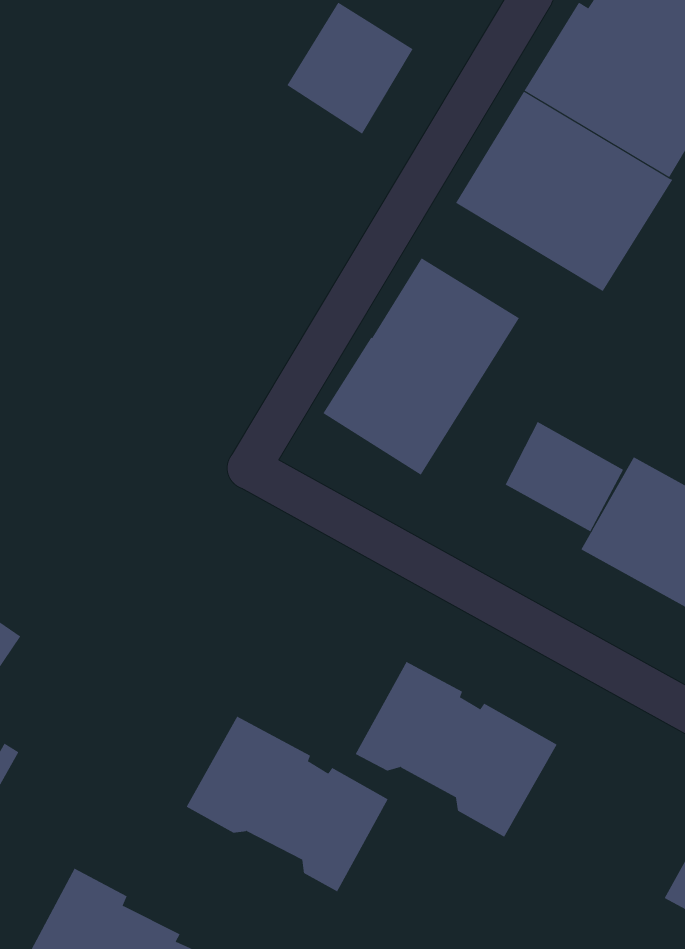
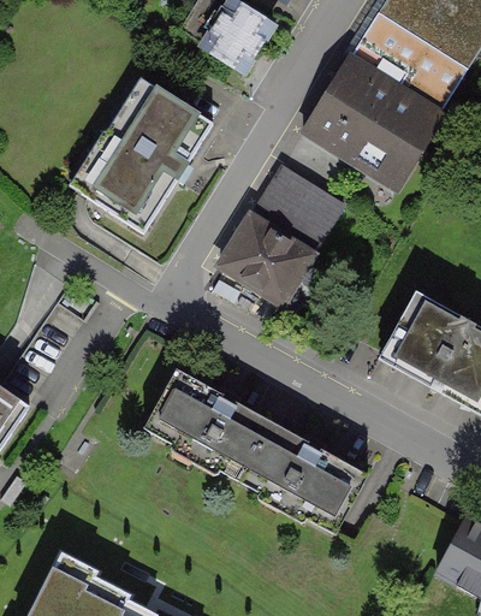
building: none -> [73,82,204,229]
building: [505,421,624,532] -> none
building: [186,716,389,892] -> [143,368,272,480]

